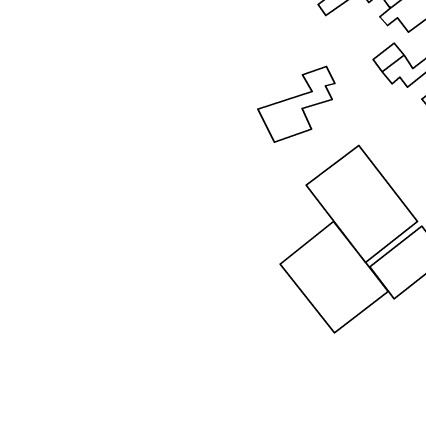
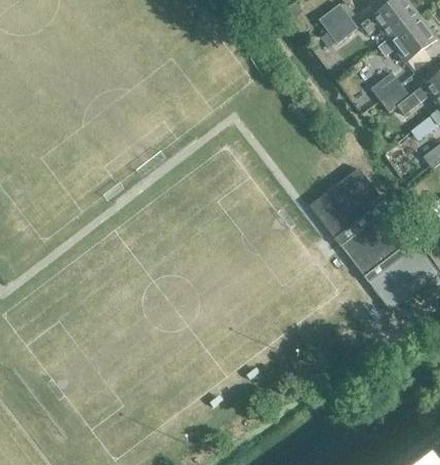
building: [258,66,335,142] -> none
building: [280,221,388,333] -> none

